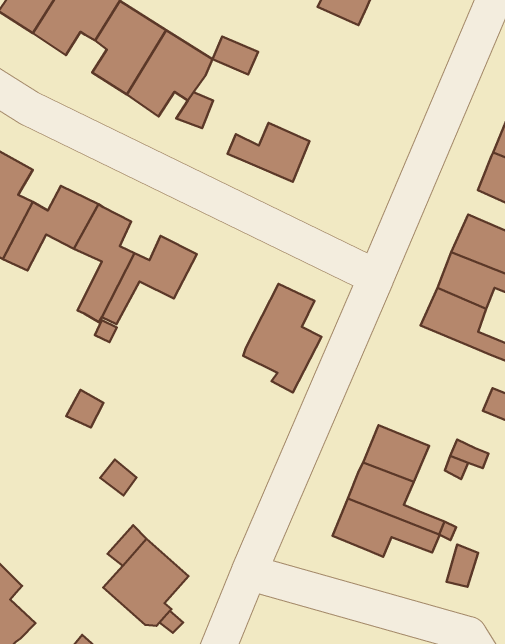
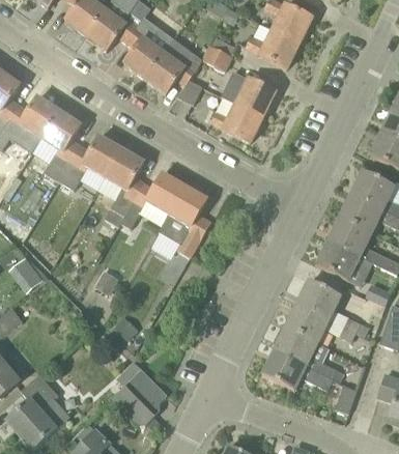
building: none -> [246,28,298,67]
building: none -> [222,70,275,115]
building: [243,284,322,393] -> [159,185,210,256]
building: none -> [316,239,360,279]
building: none -> [296,279,340,318]

